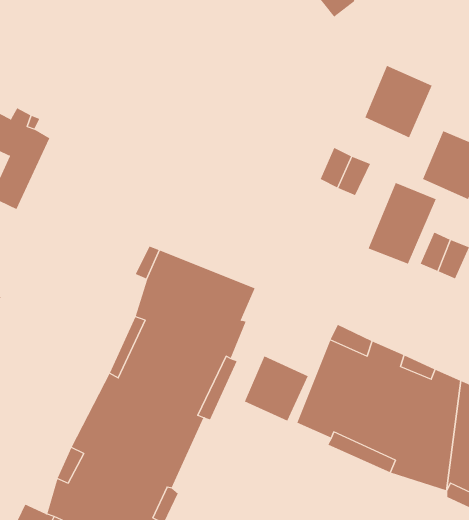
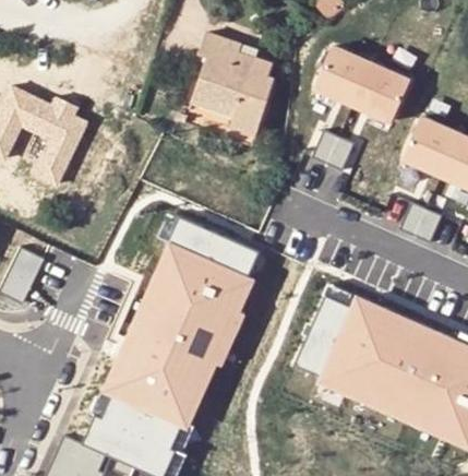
building: none -> [193,34,273,133]
building: none -> [313,45,371,107]
building: [368,182,437,265] -> none
building: [244,355,308,421] -> none

